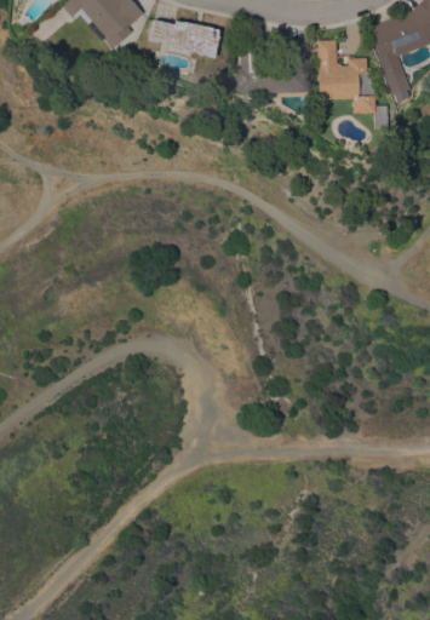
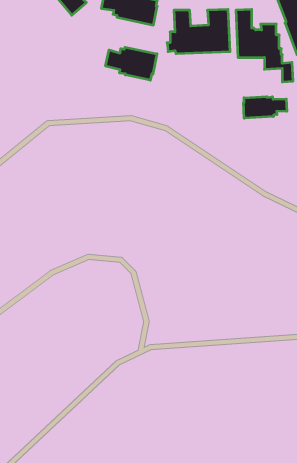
building: none -> [106,47,157,80]
building: none -> [243,97,287,118]

